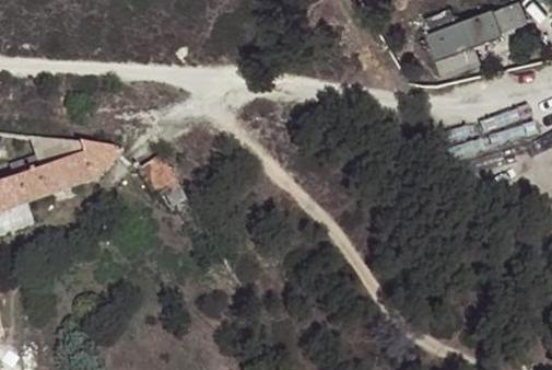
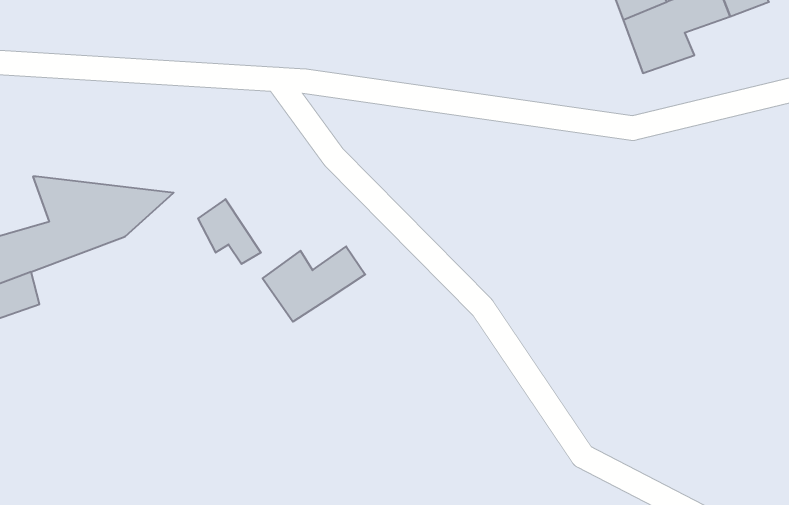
building: none -> [263,246,365,322]

